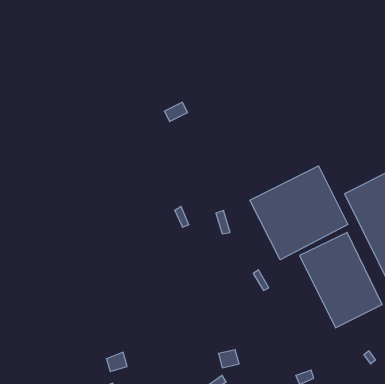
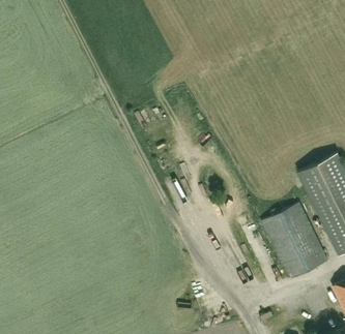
building: [250,166,348,260] -> none

